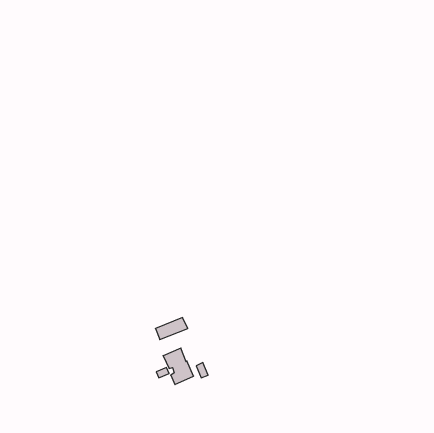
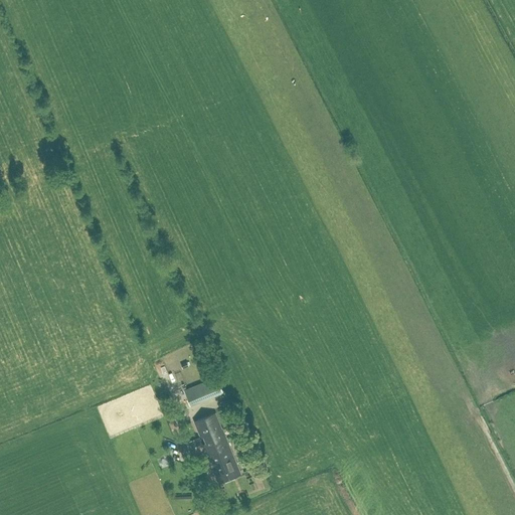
building: none -> [207,447,240,483]

